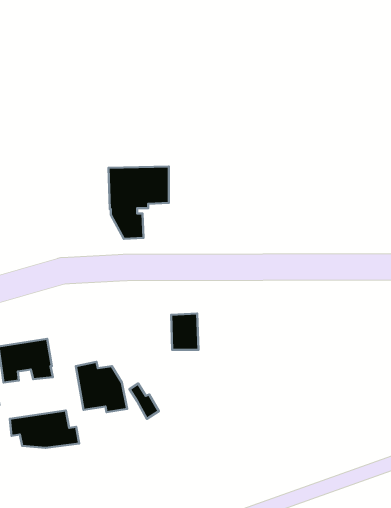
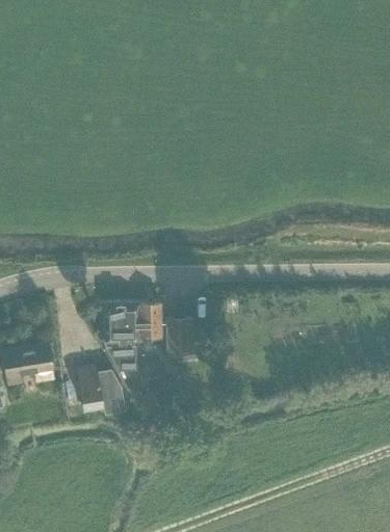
building: [109,167,169,239] -> [103,302,160,371]
building: [10,410,79,448] -> none

